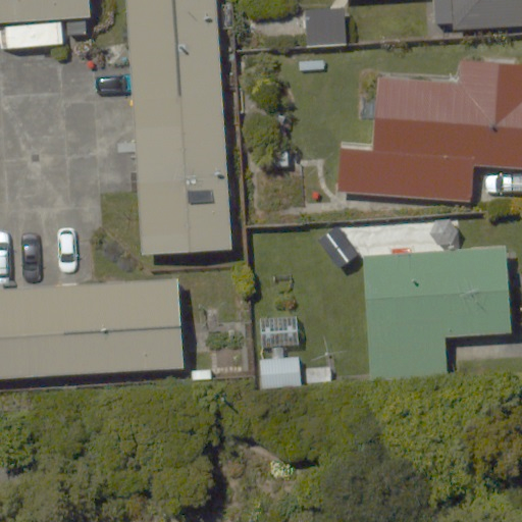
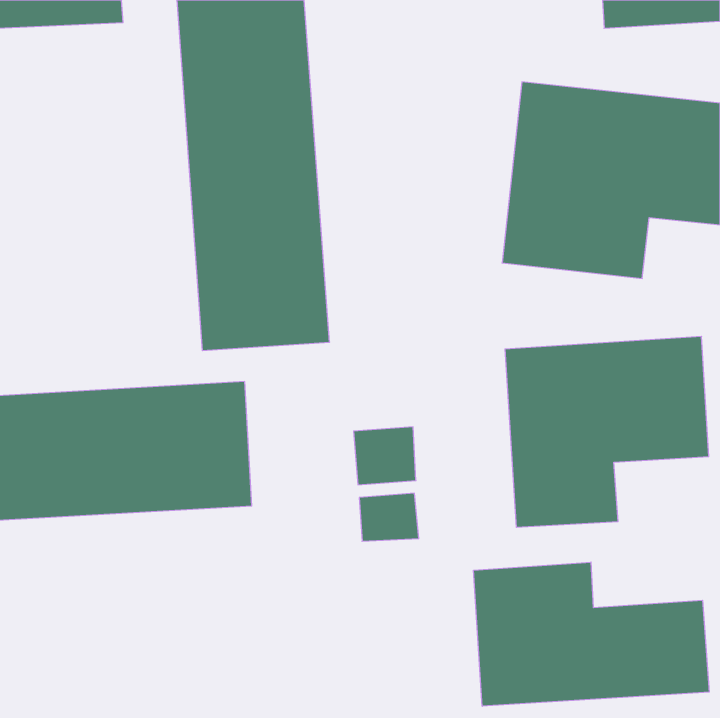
building: none -> [474,562,709,706]

